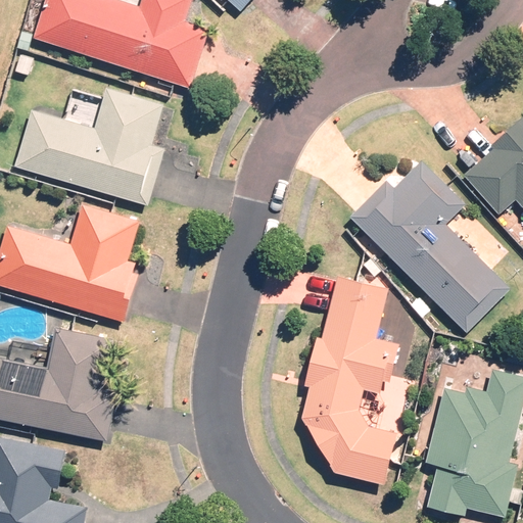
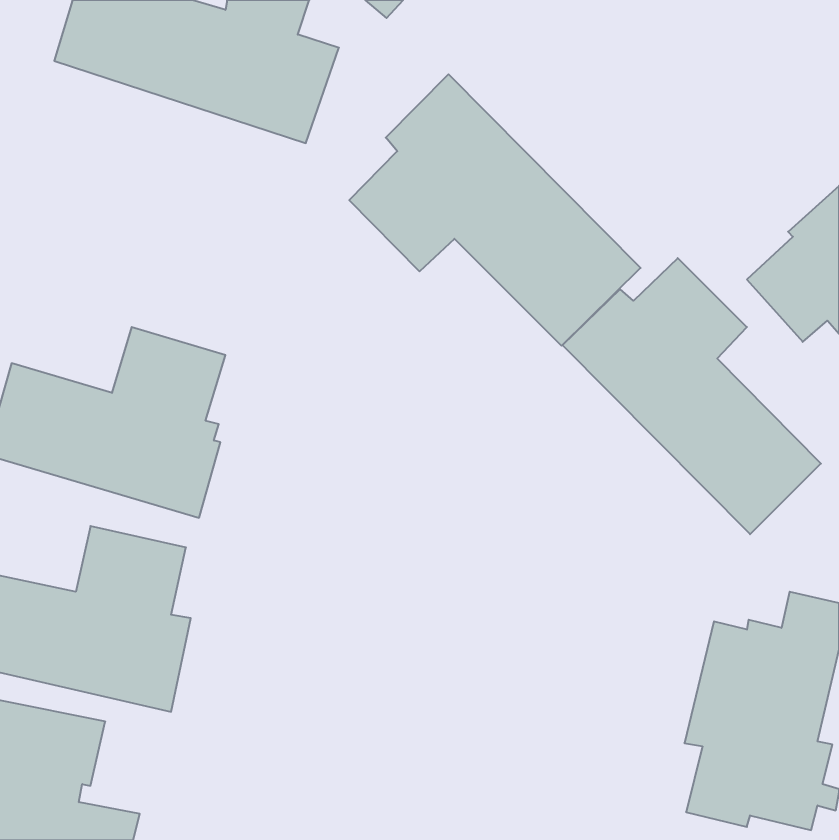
building: none -> [349,74,641,346]
building: [14,88,163,205] -> none
building: [301,276,397,483] -> none

